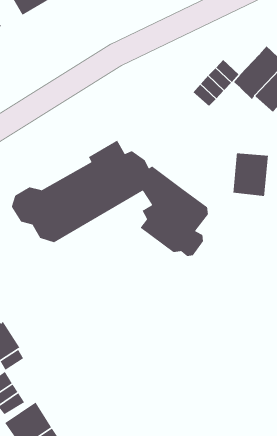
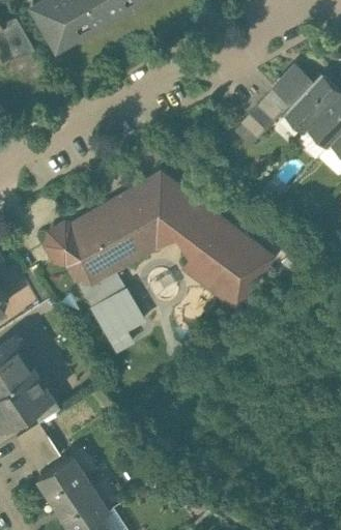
building: none -> [274,65,312,104]
building: [232,153,269,197] -> none
building: none -> [92,286,148,352]

